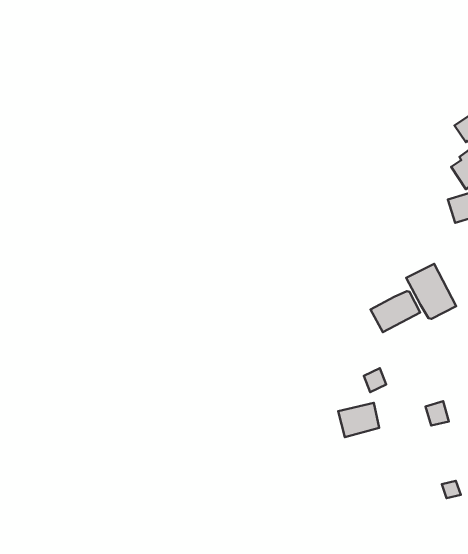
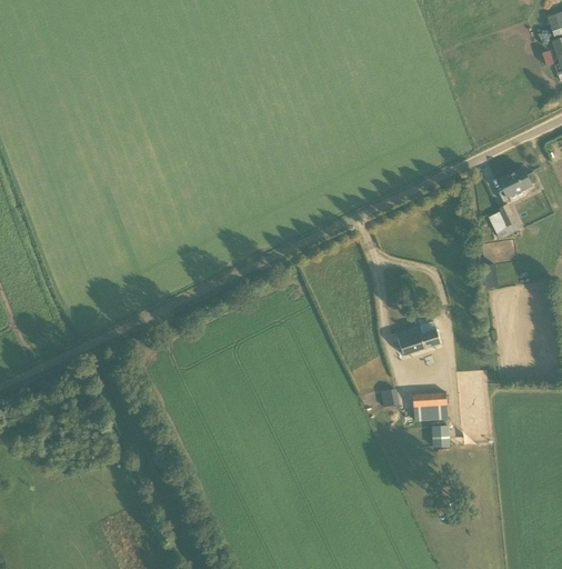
building: [406,264,456,319] -> none
building: [338,403,379,437] -> [412,391,446,418]

